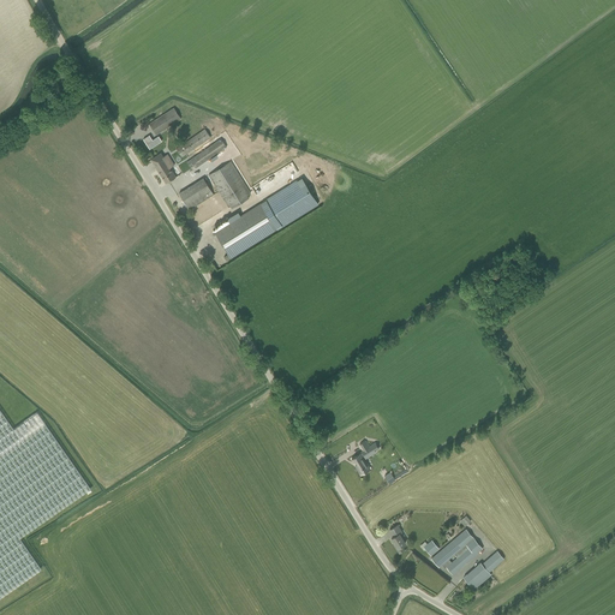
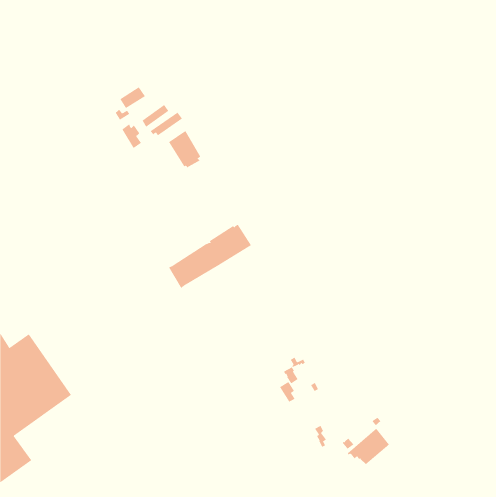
building: [178,178,213,209] -> none
building: [214,178,317,258] -> [168,224,252,289]
building: [462,551,502,590] -> none

